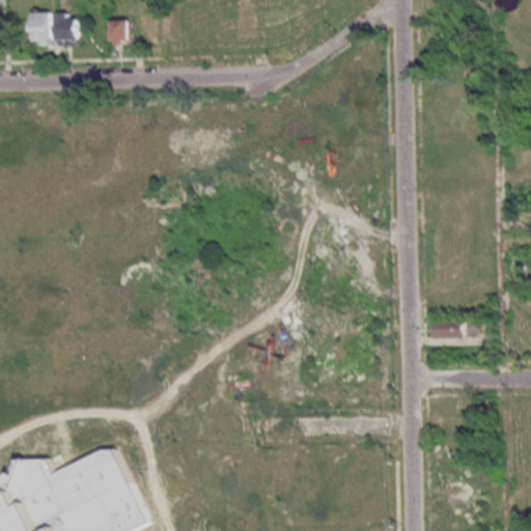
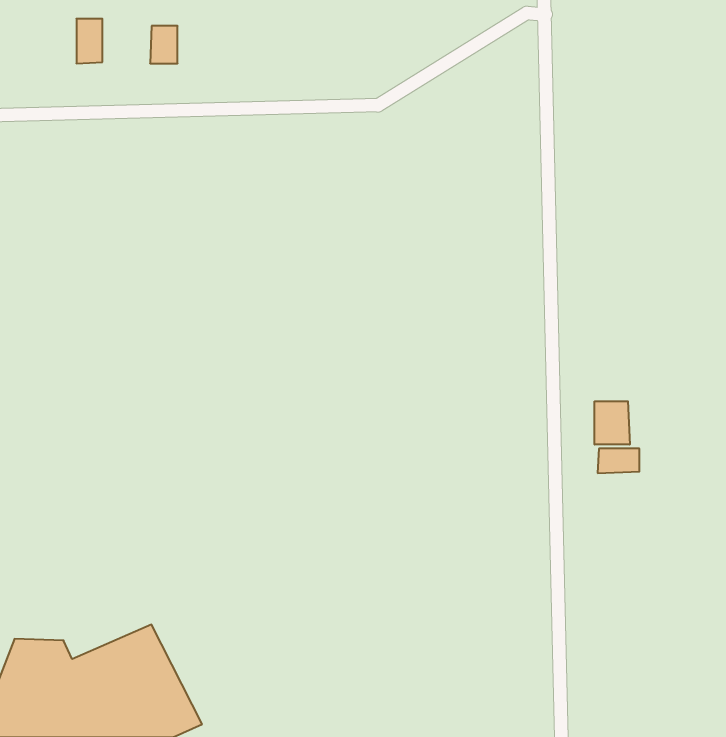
building: [27,12,47,47] -> none
building: none -> [595,401,630,445]

